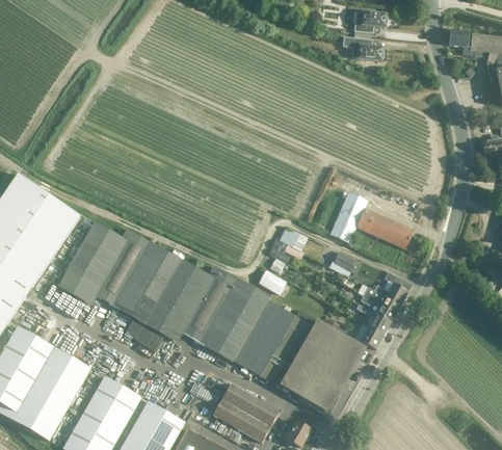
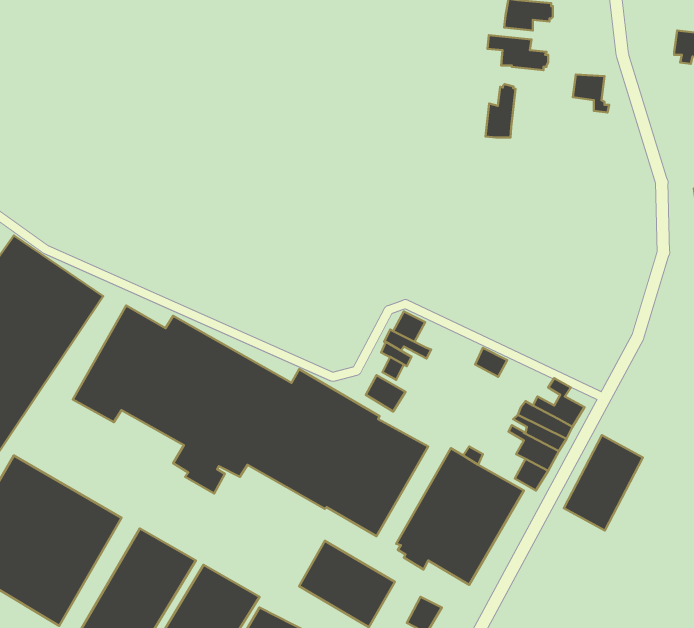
building: [448,29,473,55] -> [573,75,609,112]
building: none -> [486,84,516,138]
building: [329,190,414,248] -> none
building: none -> [564,435,643,530]

